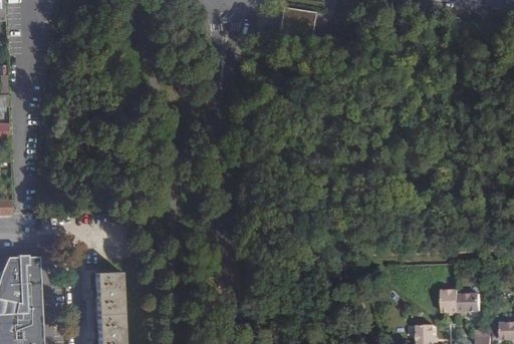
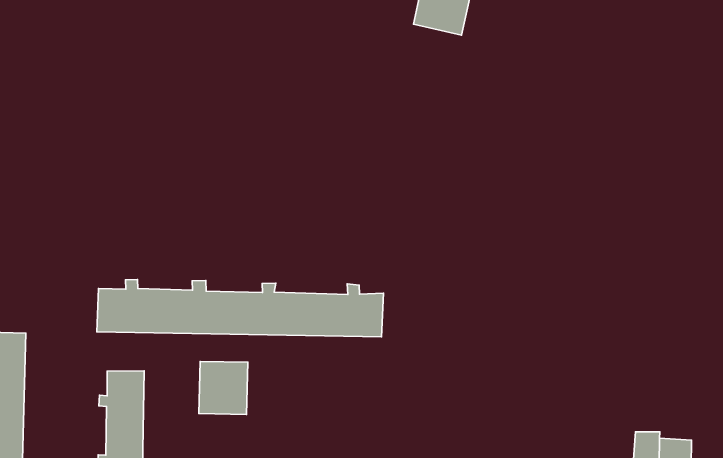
building: none -> [97,280,383,337]
building: none -> [199,362,248,414]

